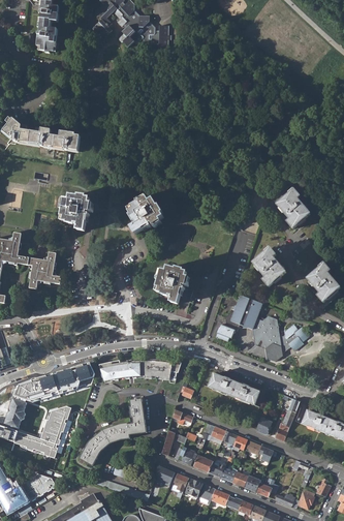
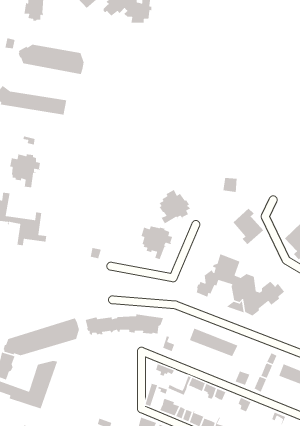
building: none -> [18,44,84,75]
building: [277,189,310,227] -> none
building: [61,194,94,231] -> [9,154,41,188]
building: [128,195,162,233] -> [158,189,191,225]
building: [80,397,146,464] -> none

